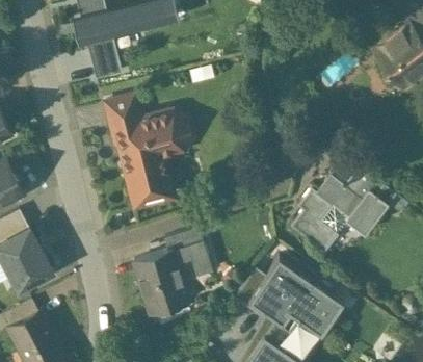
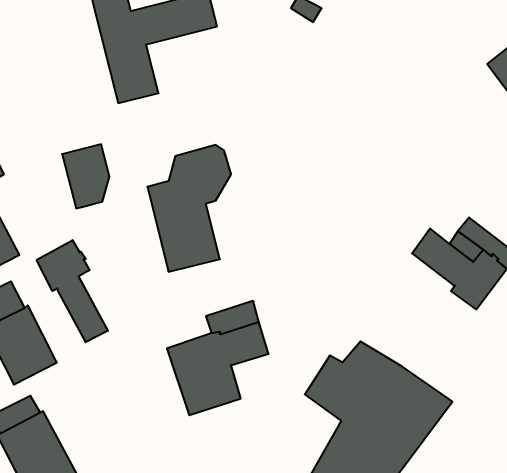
building: [104,97,139,145] -> [62,144,109,208]
building: none -> [37,240,108,342]
building: [290,189,347,255] -> none

